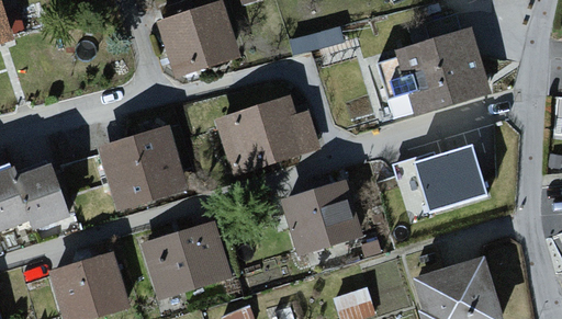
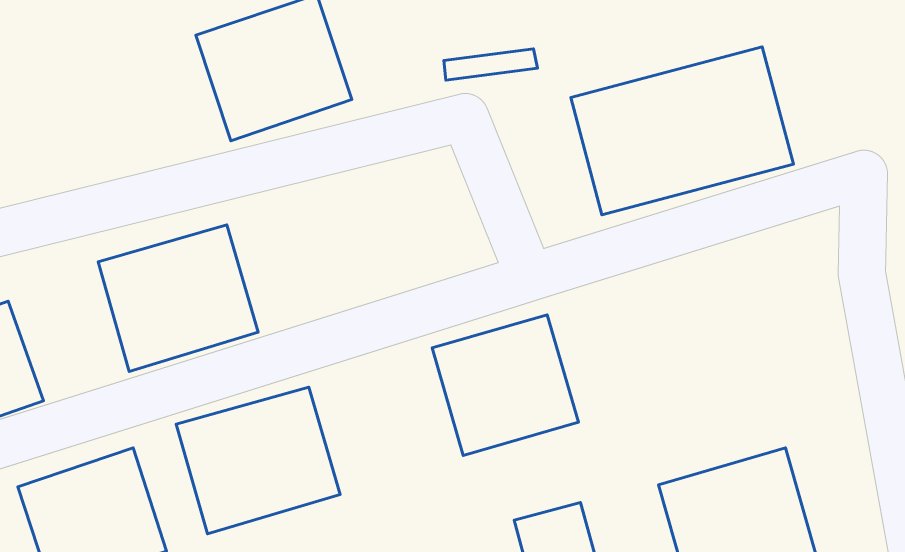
building: [212,94,317,173] -> none
building: [409,140,493,218] -> none

